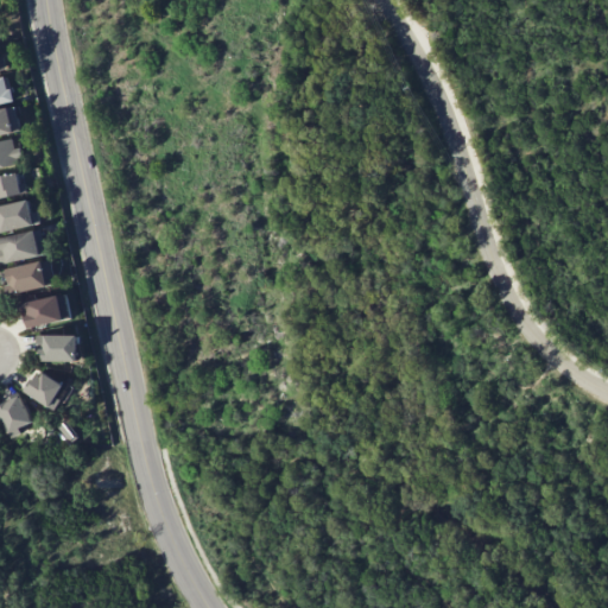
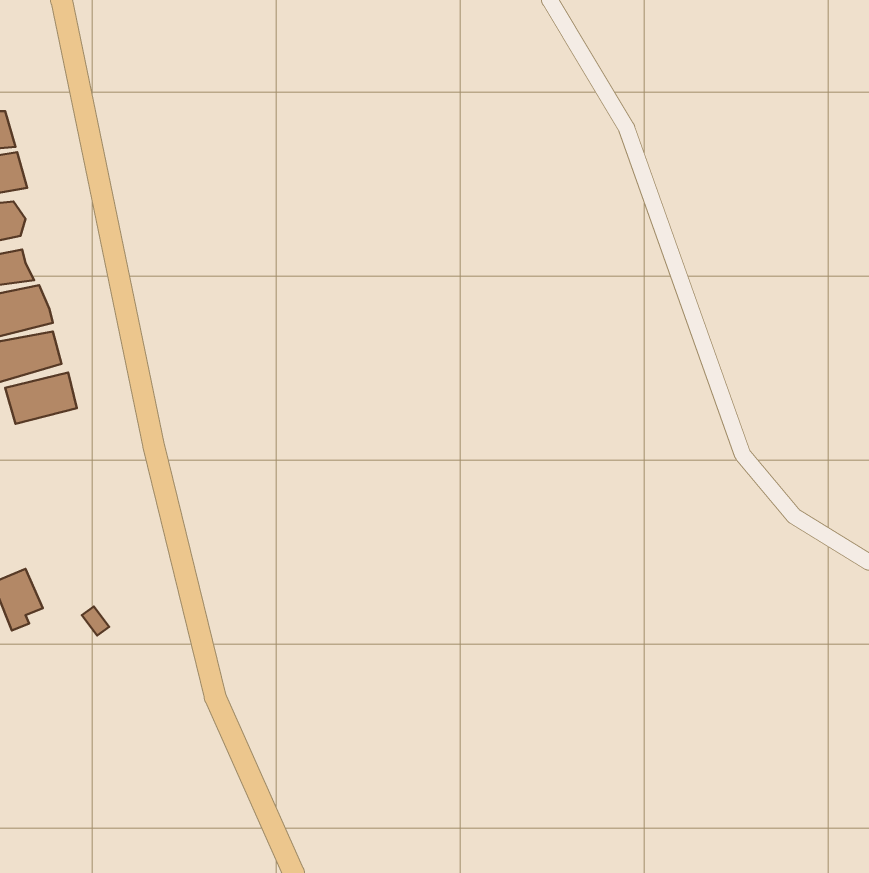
building: [20,293,69,328] -> none
building: [36,335,77,361] -> none
building: [24,370,62,411] -> none

